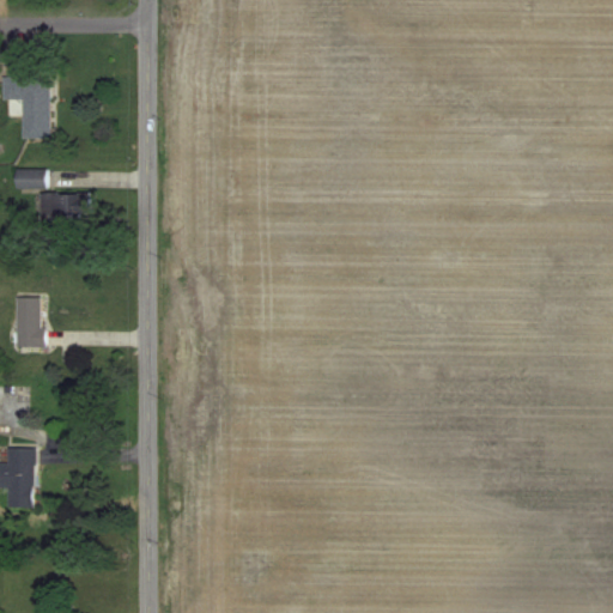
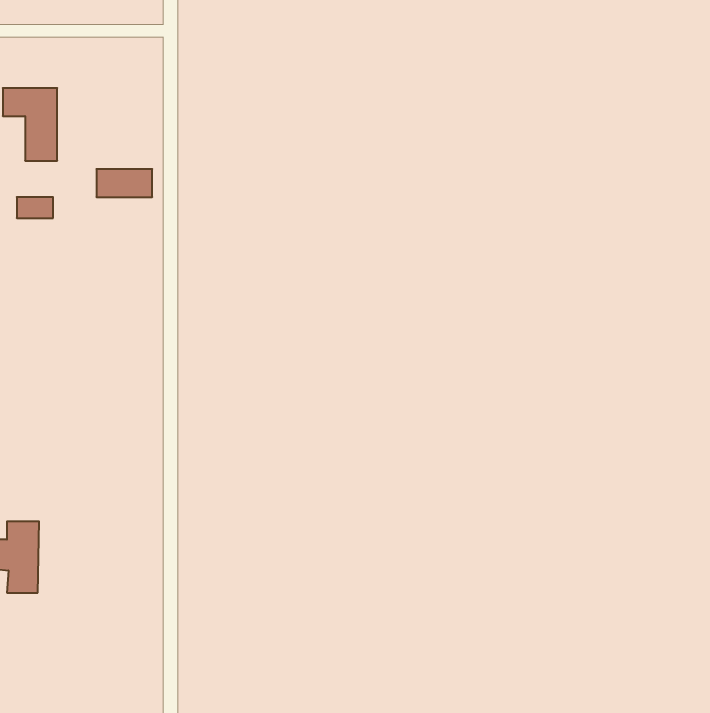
building: [41,195,89,219] -> [96,169,152,197]
building: [16,297,42,348] -> none

